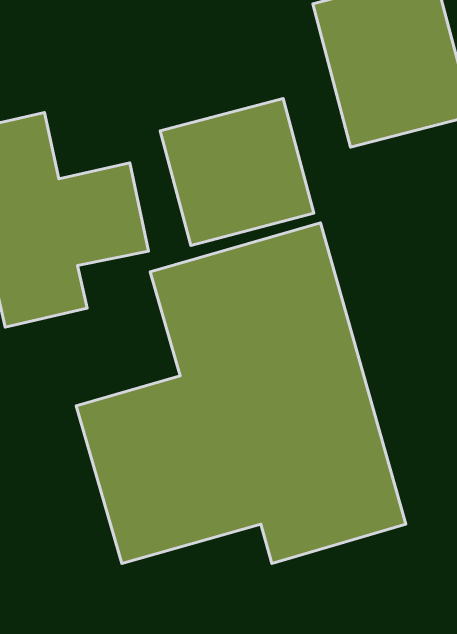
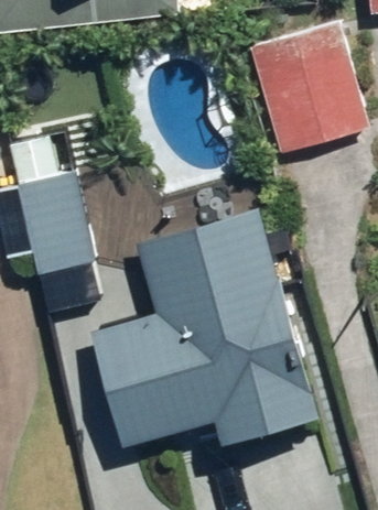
building: [160,98,314,246] -> none

